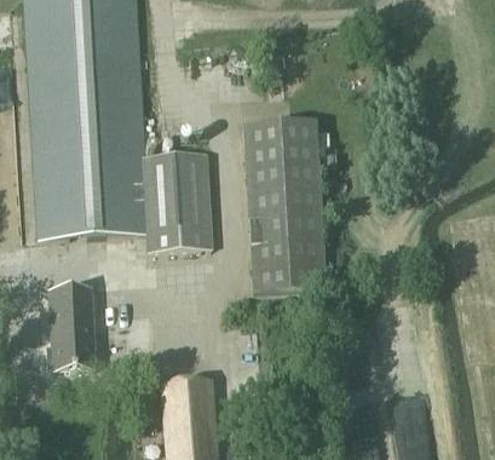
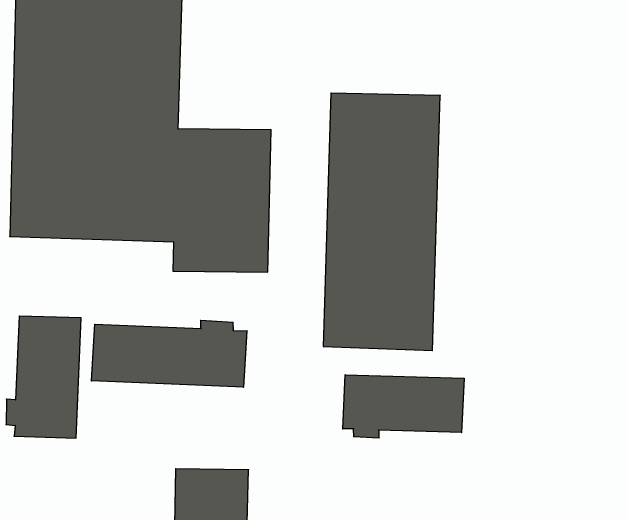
building: none -> [91,320,247,387]
building: none -> [343,375,464,438]

